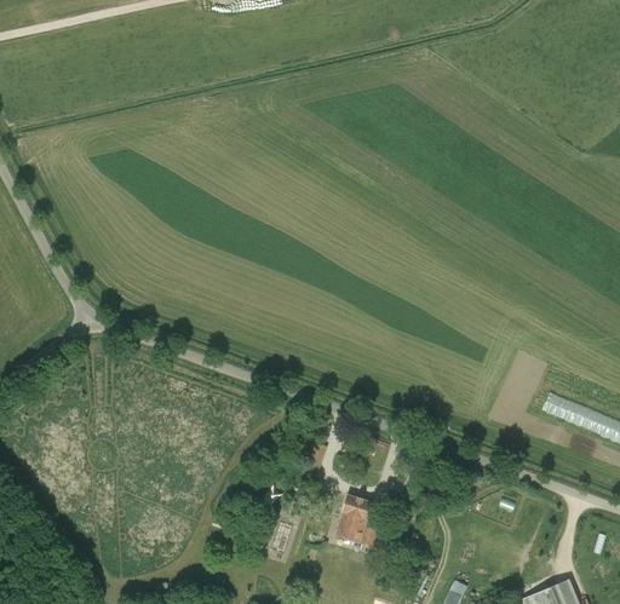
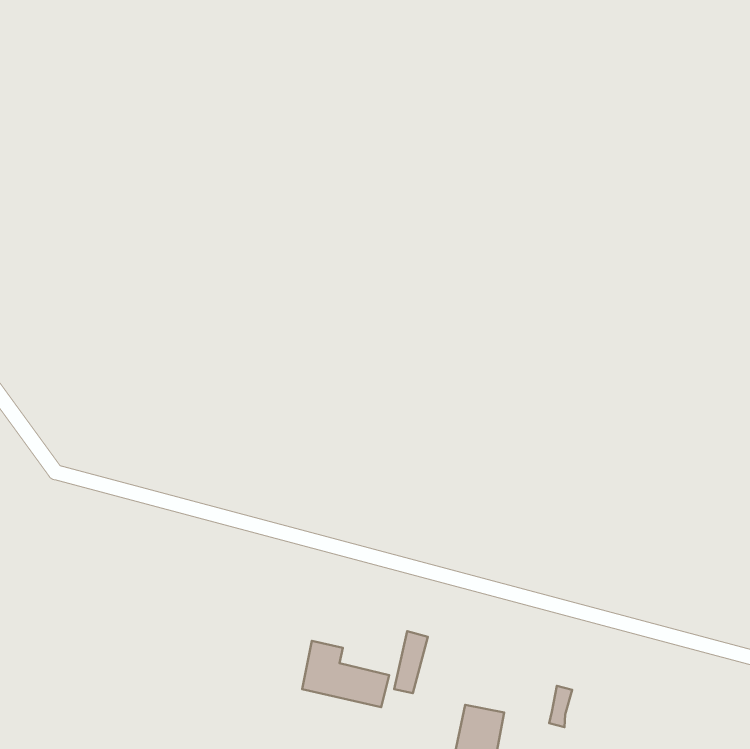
building: none -> [302,641,389,707]

